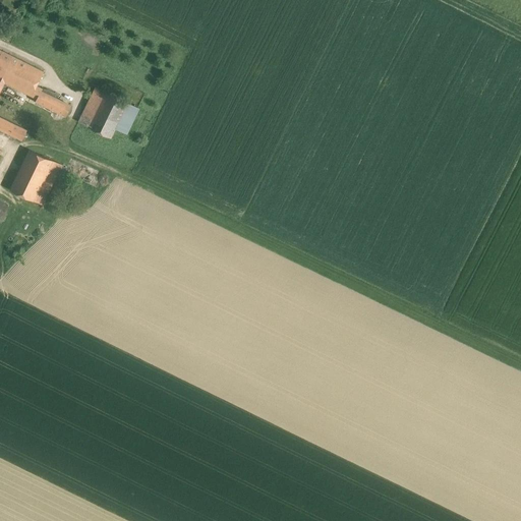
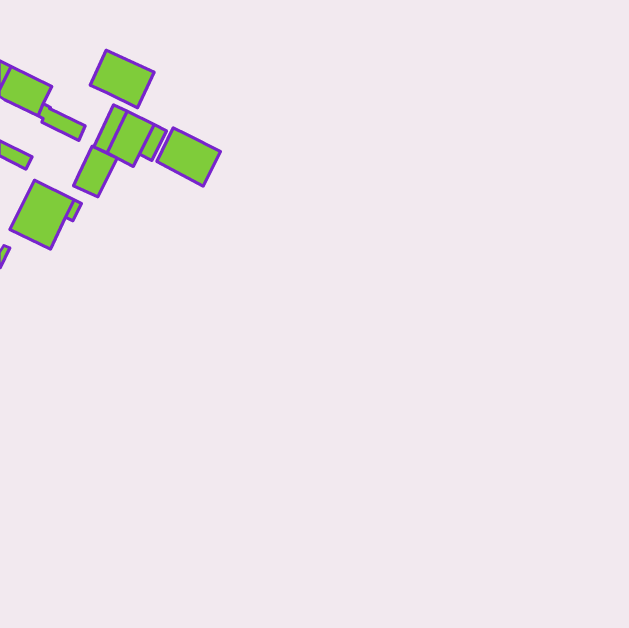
building: none -> [90,50,154,108]
building: none -> [157,128,220,186]
building: none -> [73,146,117,197]

